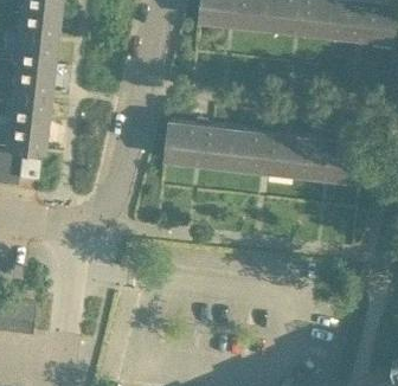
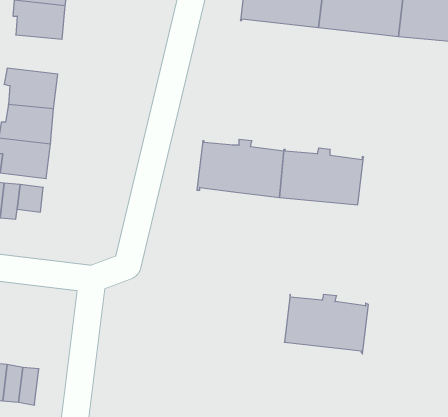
building: [9,40,54,72] -> none
building: [296,140,365,188] -> [284,294,368,354]

